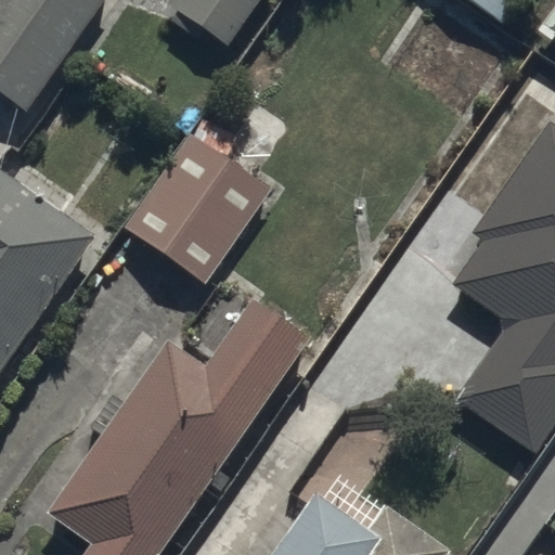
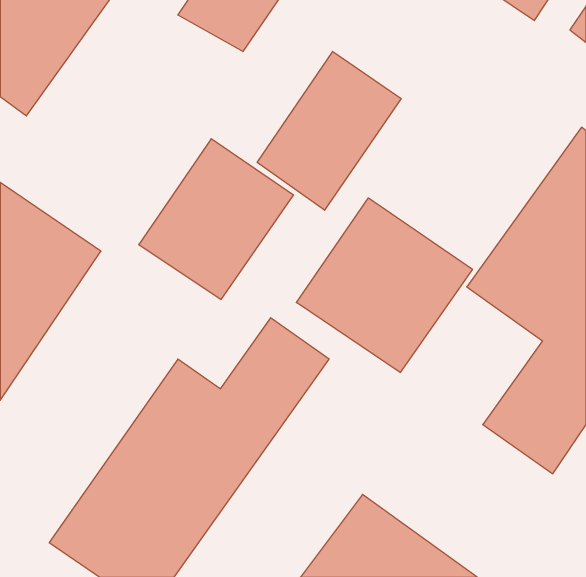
building: none -> [257,51,401,210]
building: none -> [296,198,472,373]

